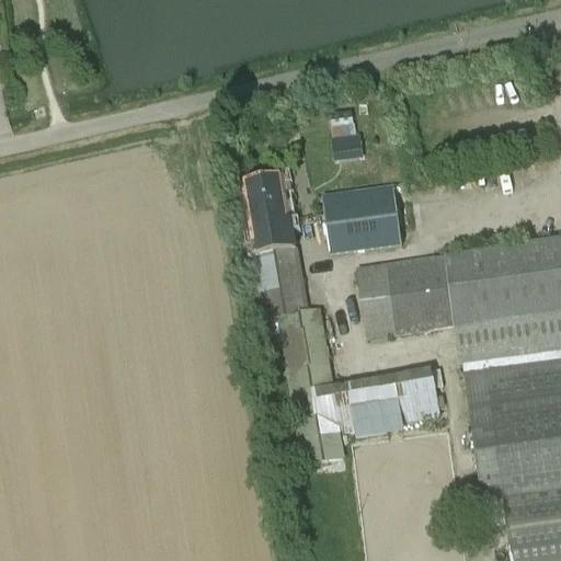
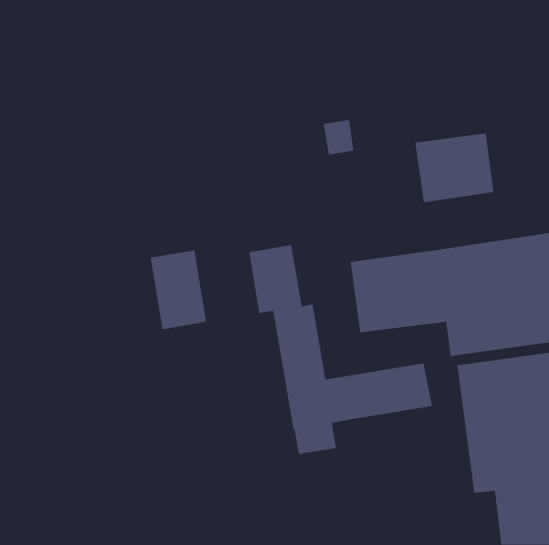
building: [240,175,298,256] -> [150,250,207,330]
building: [322,184,403,255] -> [414,133,494,203]

